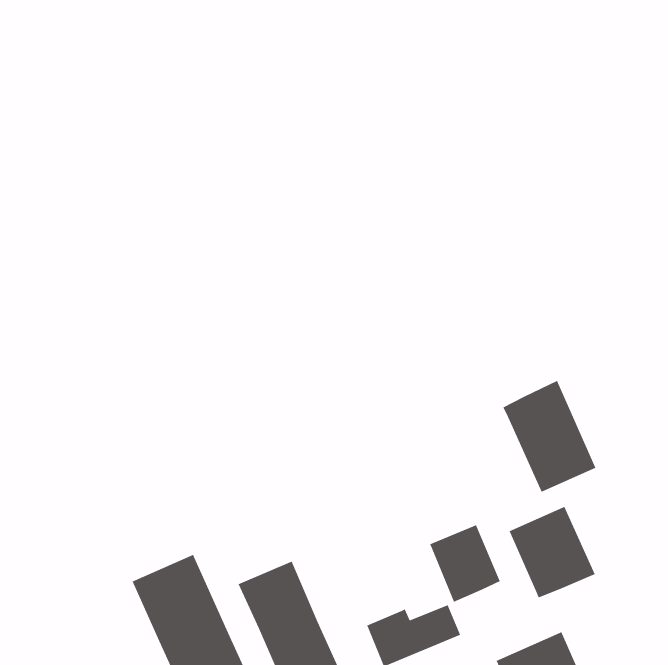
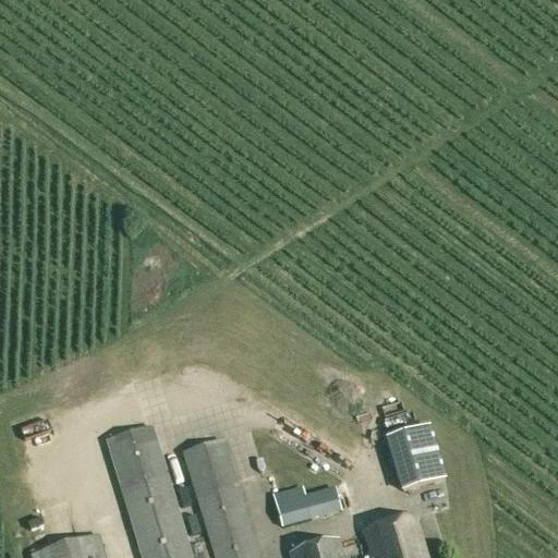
building: [502,380,597,493] -> none
building: [429,524,501,603] -> none

